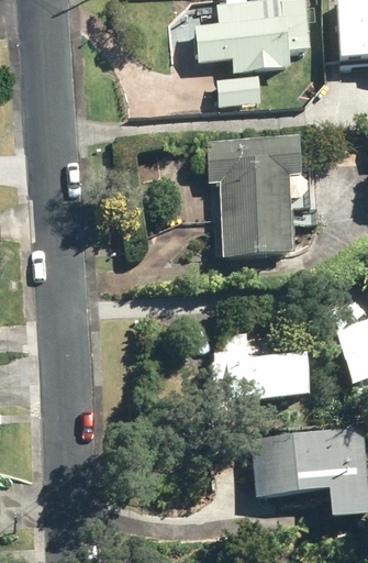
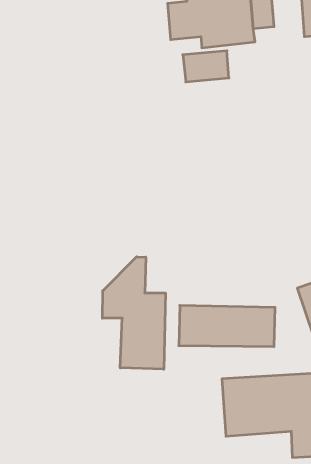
building: [209,136,301,254] -> none
building: none -> [102,257,165,369]

